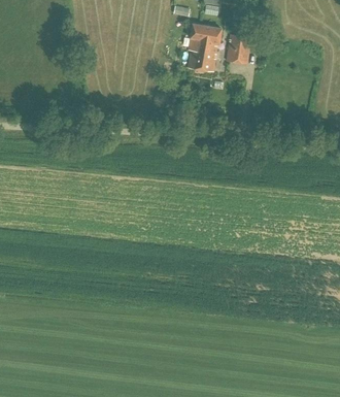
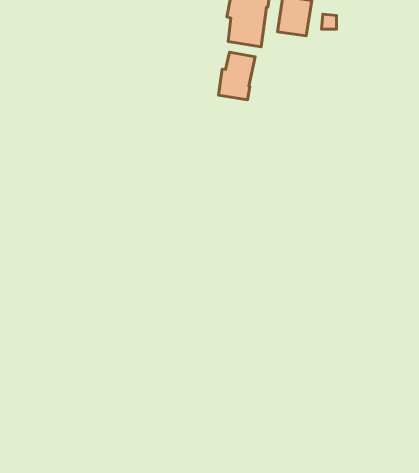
building: none -> [218,52,255,100]

